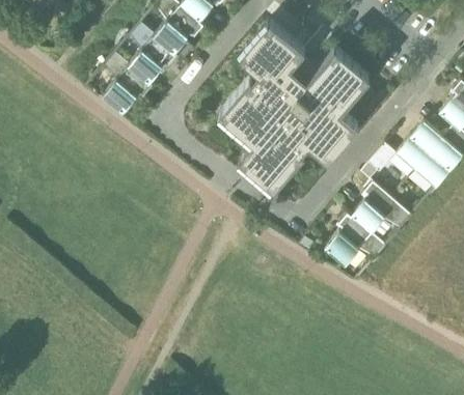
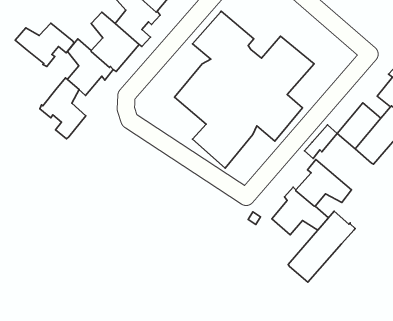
building: none -> [15,23,74,66]
building: none -> [40,78,86,139]
building: none -> [288,211,355,282]

